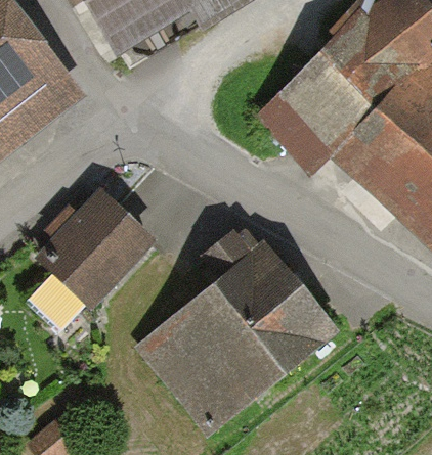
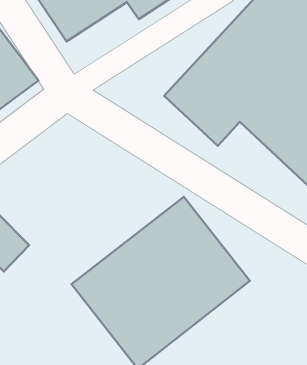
building: [52,183,165,308] -> none

